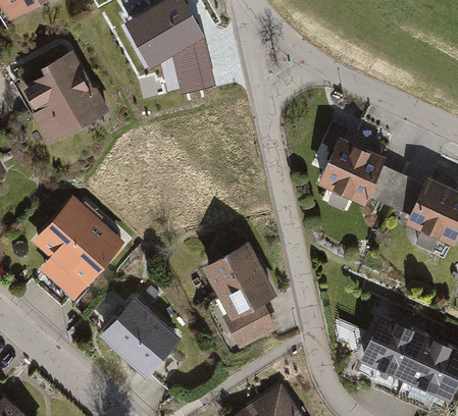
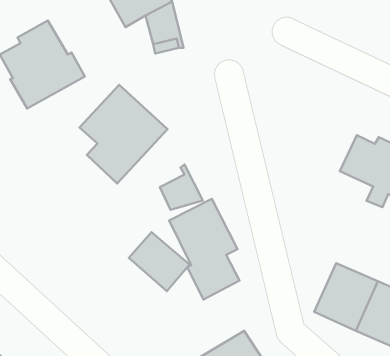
building: [317,136,403,214] -> none
building: [30,194,124,300] -> [79,85,168,183]
building: none -> [160,164,203,210]
building: [107,301,172,364] -> [129,232,189,291]

